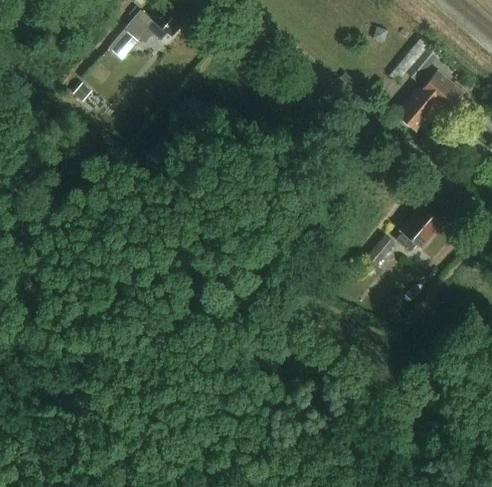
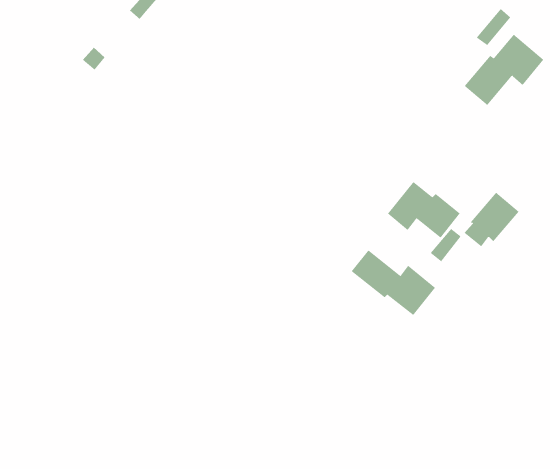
building: none -> [387,181,461,238]
building: none -> [351,249,436,316]

